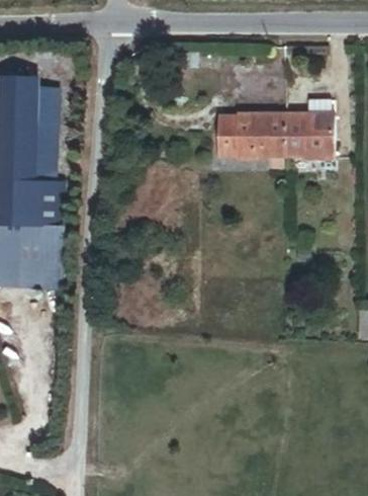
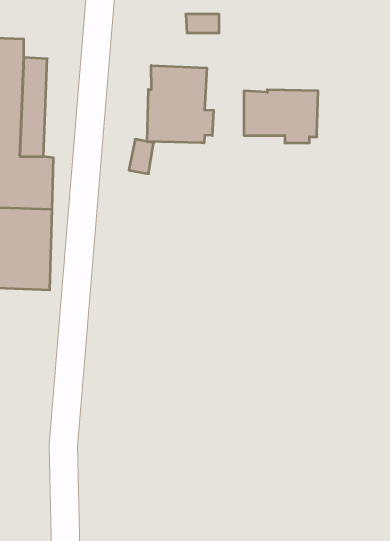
building: none -> [147,65,214,143]
building: [280,104,332,166] -> none

